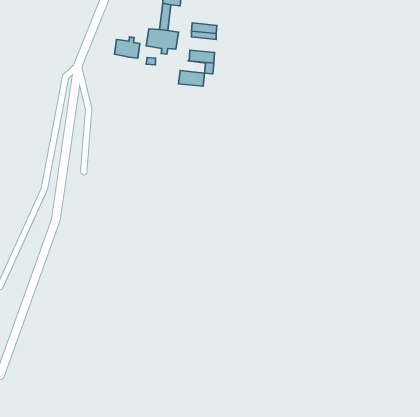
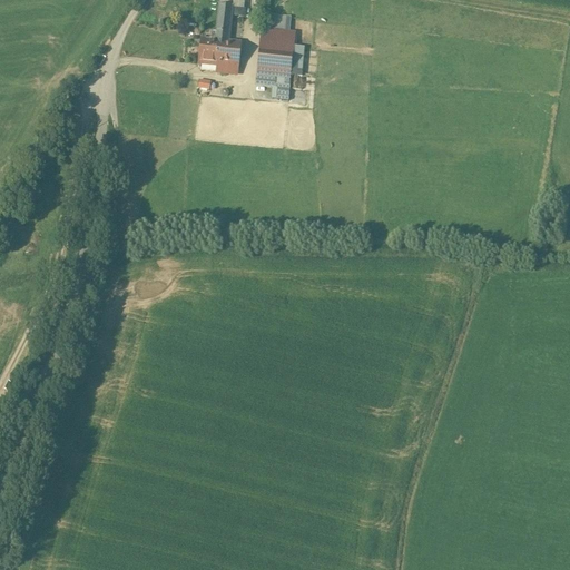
building: [115,37,140,58] -> none
building: [178,71,205,86] -> [257,50,293,71]

